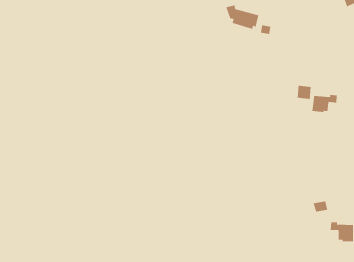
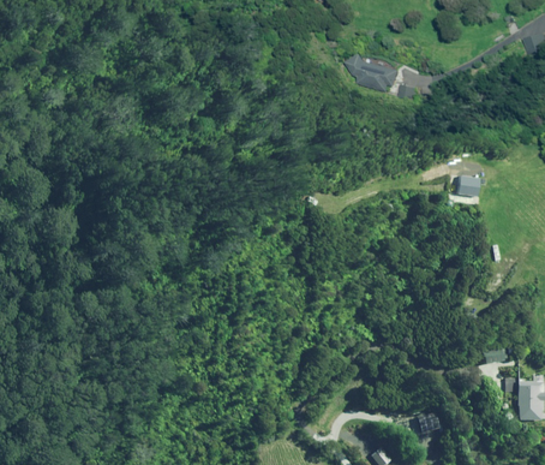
building: [312,94,337,113] -> none

